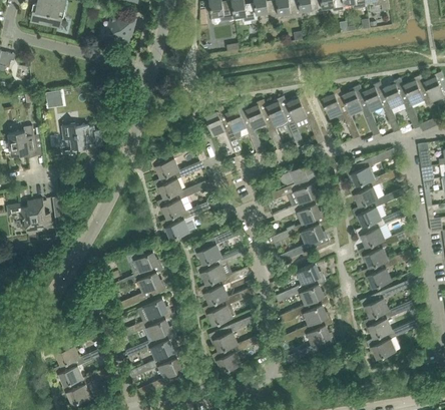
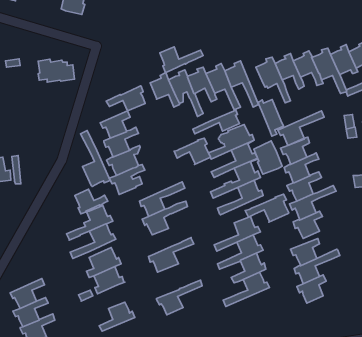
building: none -> [160,47,203,73]
building: none -> [106,86,145,111]
building: [61,123,101,148] -> [38,59,75,82]
building: none -> [257,99,283,136]
building: none -> [193,110,240,134]
building: none -> [81,131,110,186]
building: none -> [174,138,210,164]
building: none -> [254,141,282,174]
building: none -> [75,189,108,214]
building: none -> [245,194,289,222]
building: [198,272,238,305] -> none
building: [207,319,247,351] -> none
building: [141,339,179,372] -> none

